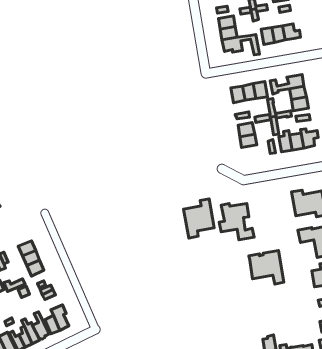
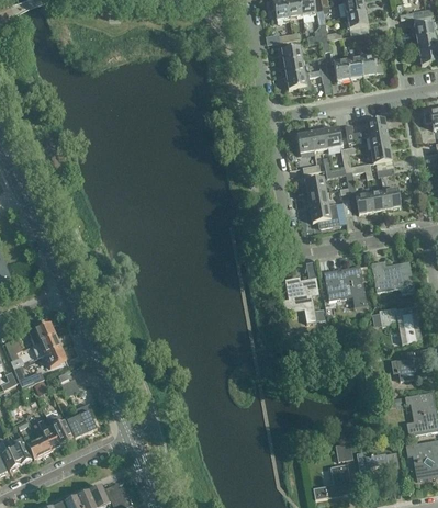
building: none -> [310,203,338,227]
building: [183,199,214,238] -> none
building: [249,250,284,284] -> [324,264,367,306]

